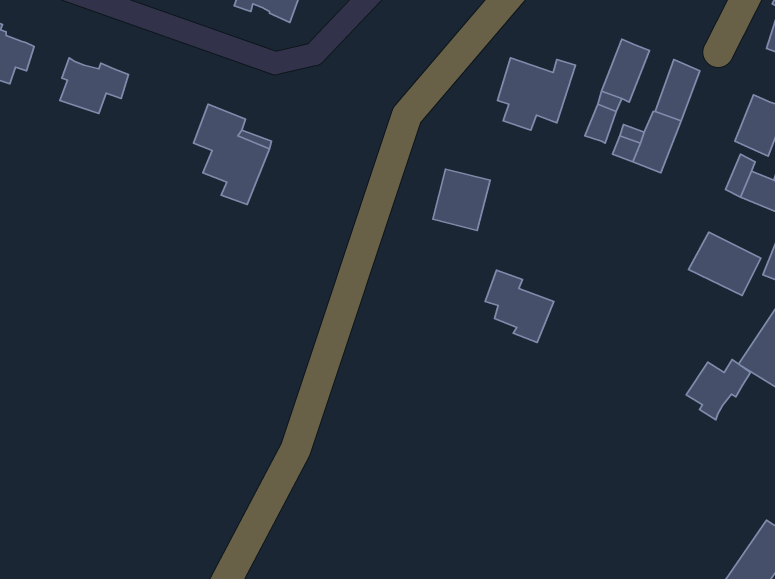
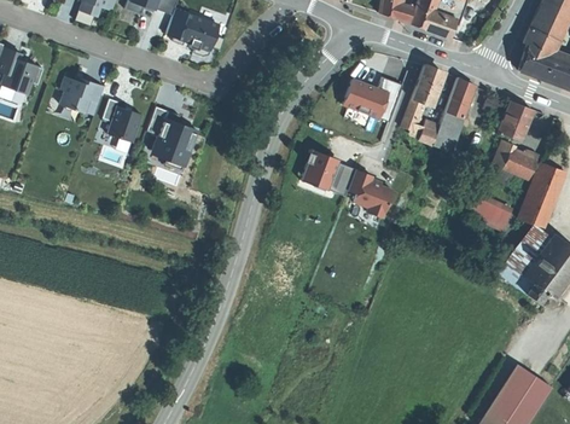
building: none -> [103,99,141,143]
building: [485,270,554,342] -> [348,169,392,216]
building: [686,360,750,420] -> none

